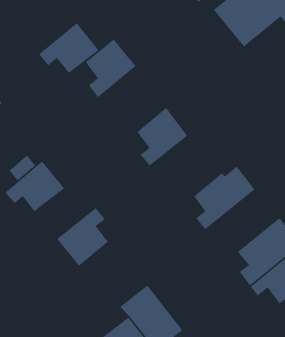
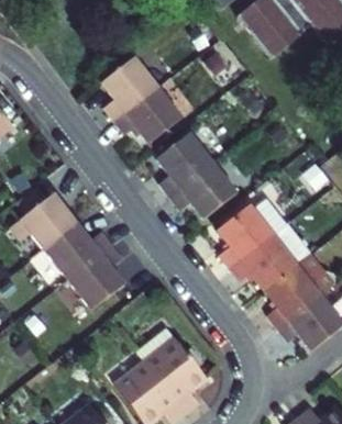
building: [38,22,100,74] -> [112,85,180,142]
building: none -> [169,161,235,216]
building: none -> [42,220,110,276]
building: none -> [231,220,313,290]

